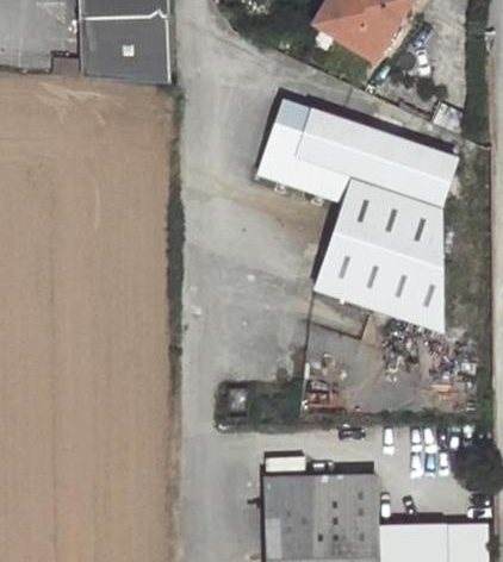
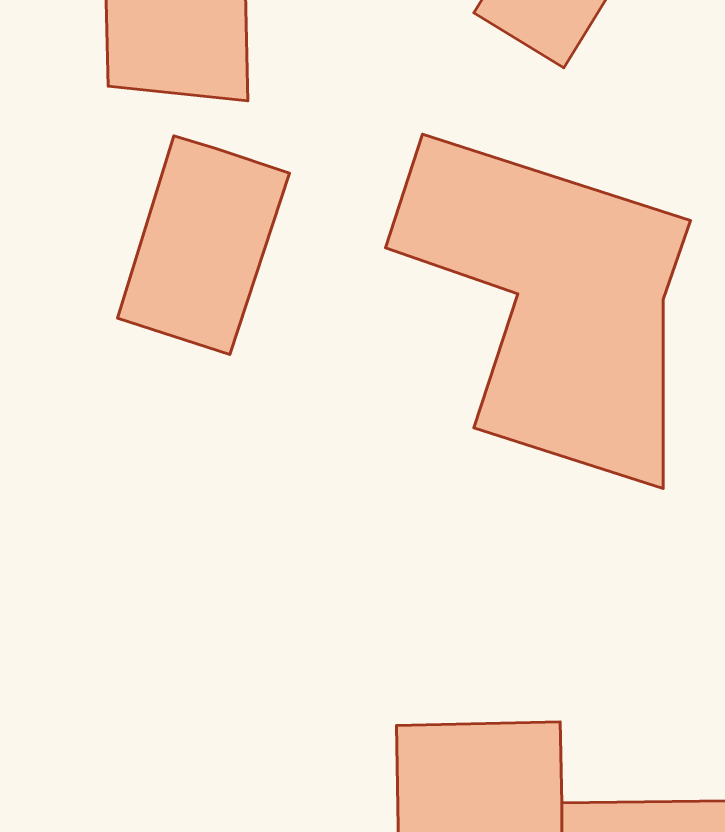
building: none -> [118,136,289,354]

